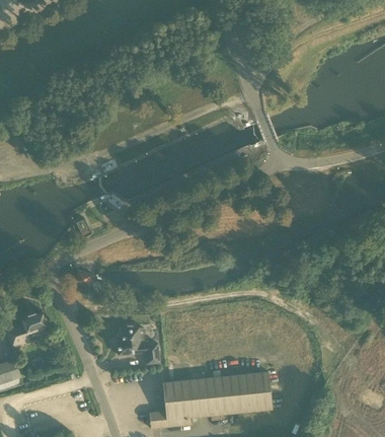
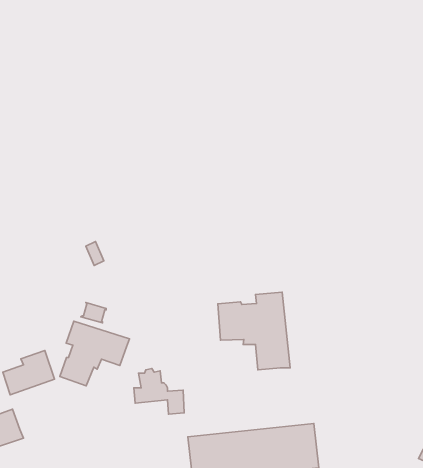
building: none -> [218,292,290,370]
building: none -> [60,321,130,386]

